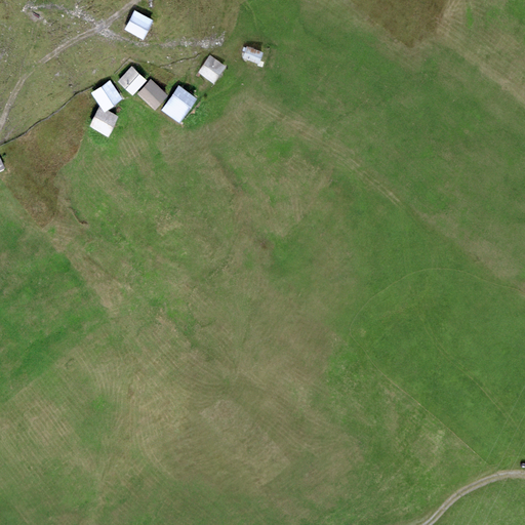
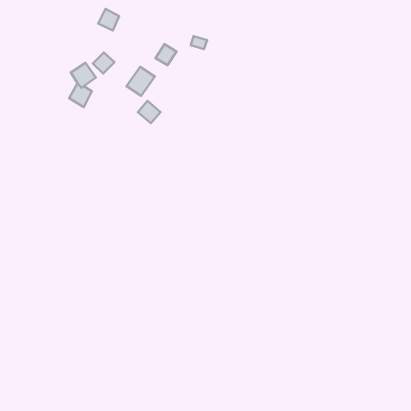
building: [138,80,167,109] -> [138,101,160,123]

